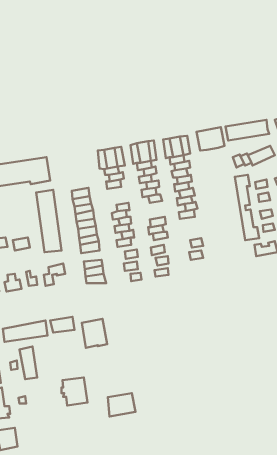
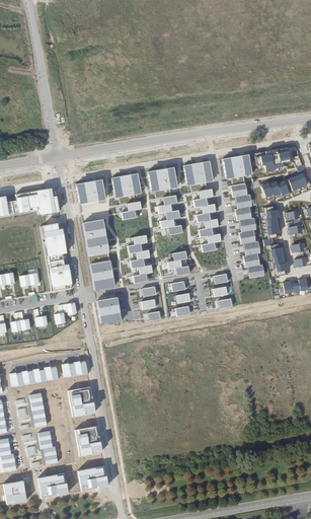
building: none -> [230,175,262,273]
building: none -> [74,178,103,204]
building: [82,319,107,348] -> [67,385,94,417]
building: none -> [37,430,57,463]
building: [108,393,136,417] -> [77,465,107,491]
building: none -> [36,472,67,497]

